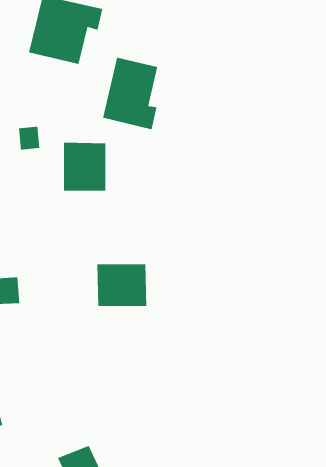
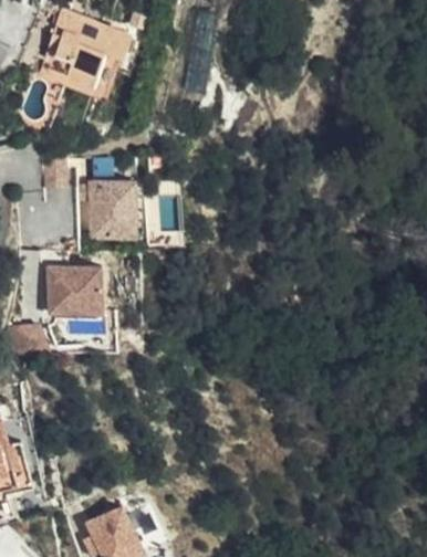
building: [103,57,158,130] -> none
building: [96,264,147,307] -> [45,265,102,313]

